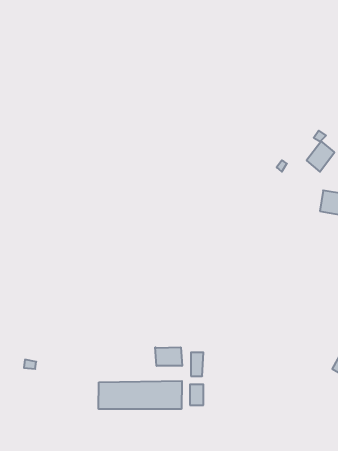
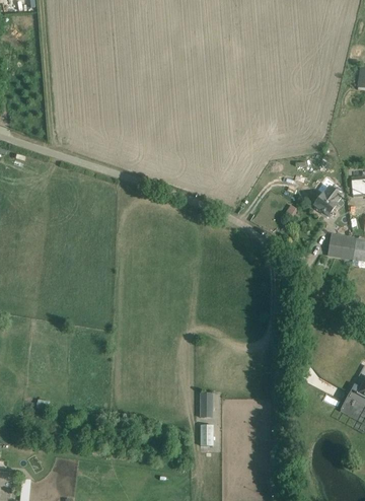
building: [155,347,182,366] -> none
building: [99,381,182,409] -> none

